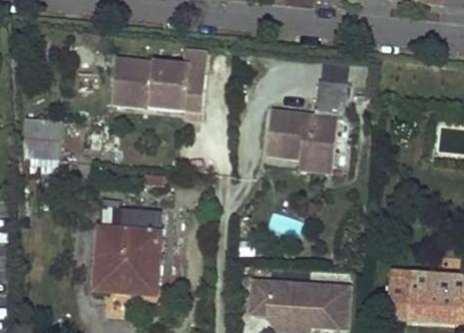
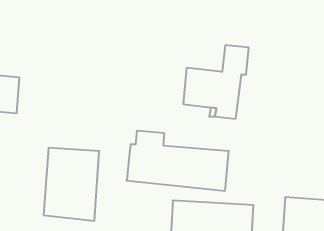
building: [112,54,191,110] -> none
building: none -> [127,131,228,191]

